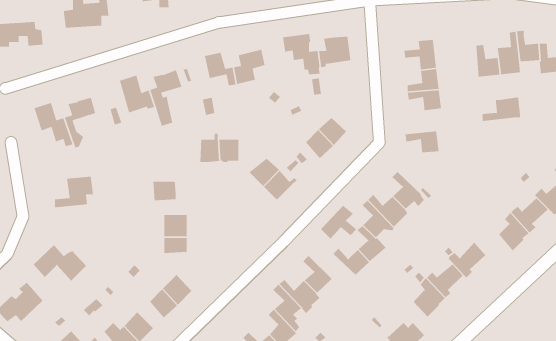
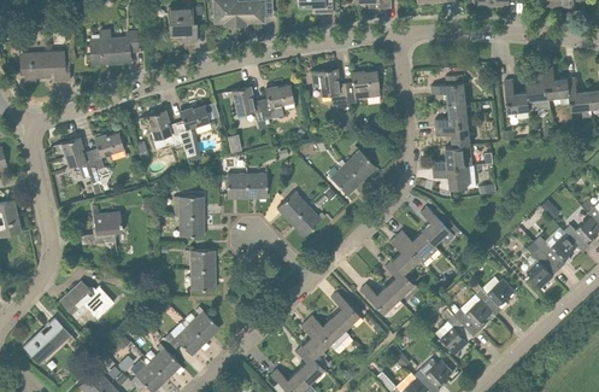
building: [482,97,521,122] -> [433,144,472,169]
building: none -> [172,195,204,216]
building: [320,205,357,240] -> none

